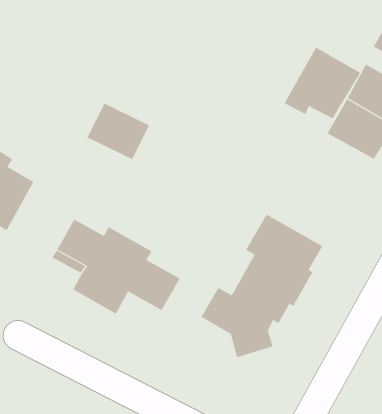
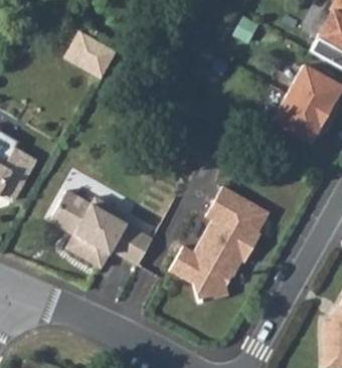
building: [284,47,361,119] -> none
building: [87,103,150,160] -> [66,28,118,74]

